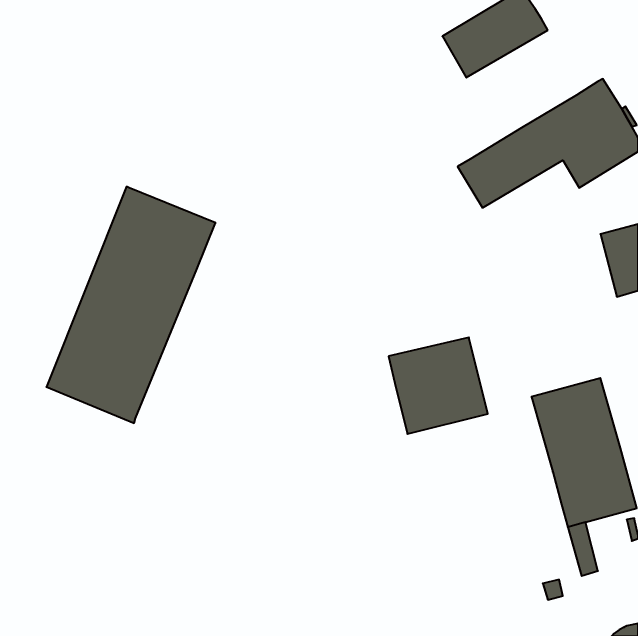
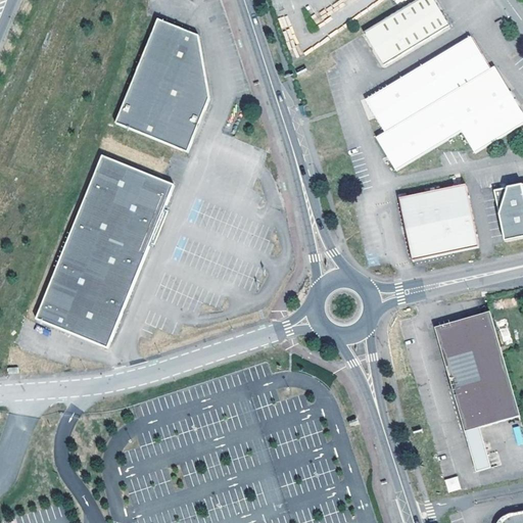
building: none -> [116,15,210,149]
building: none -> [364,35,487,130]
building: [389,337,488,434] -> [397,185,478,264]

